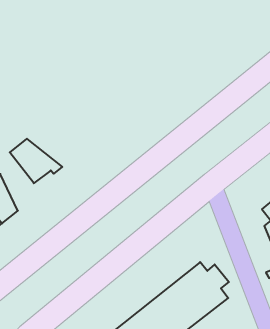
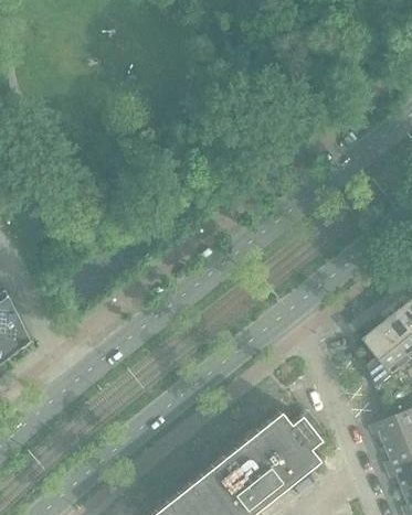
building: [10,139,62,183] -> none

